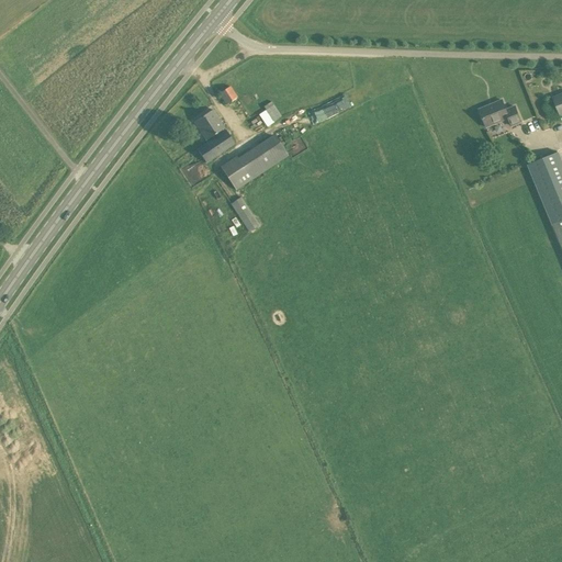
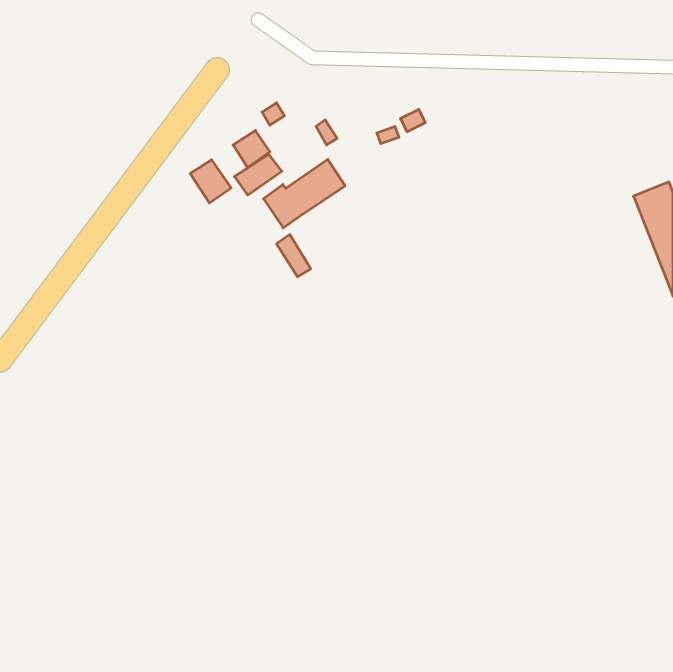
building: [481,100,521,126] -> none
building: none -> [190,160,231,203]

